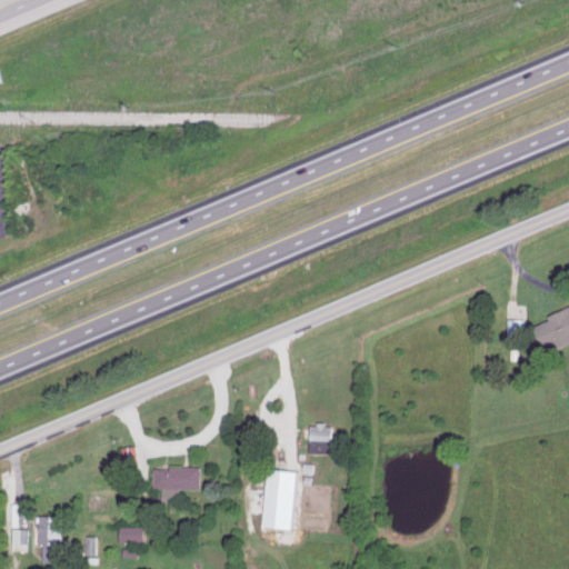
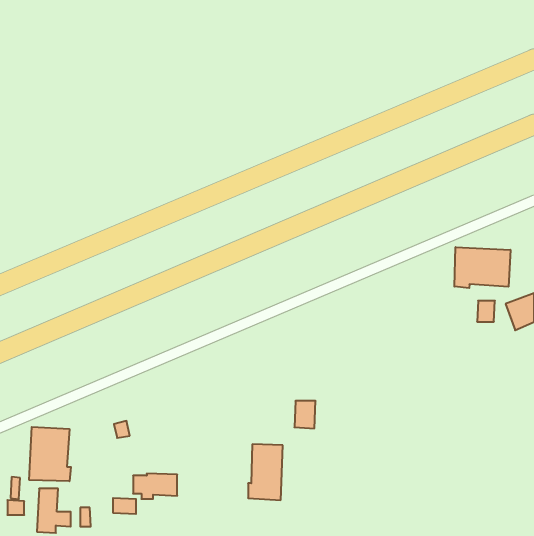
building: none -> [454,247,510,288]
building: none -> [29,427,71,481]
building: [153,468,200,495] -> [133,474,177,499]

